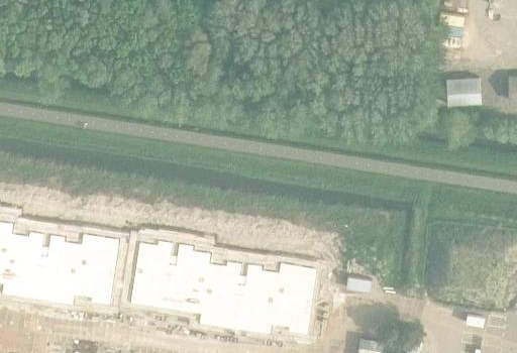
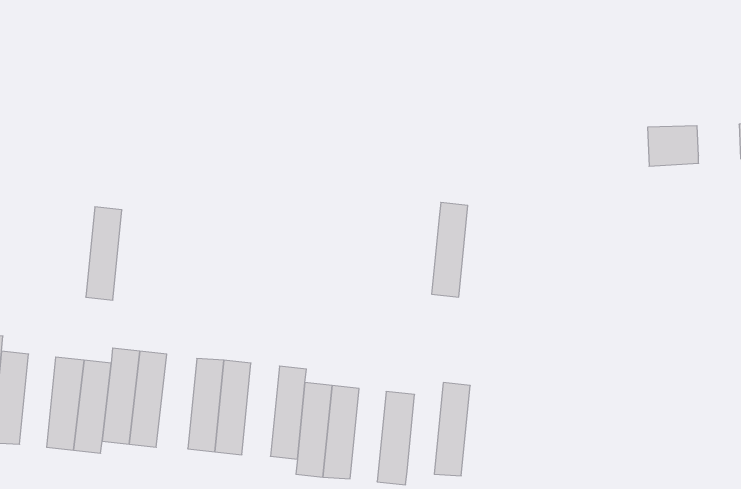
building: [17,239,41,302] -> [86,207,122,300]
building: [167,245,192,308] -> none
building: [278,256,302,320] -> [432,202,468,297]
building: [239,262,264,325] -> none

